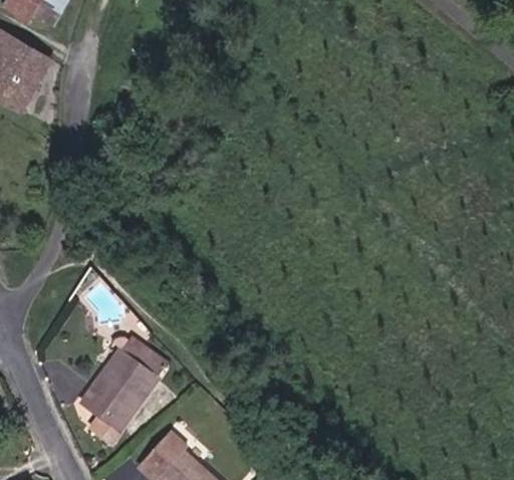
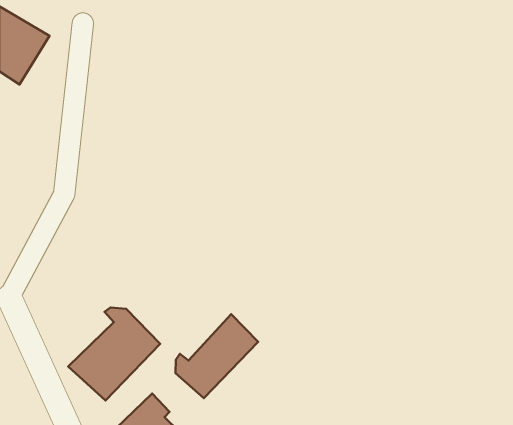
building: none -> [176,314,258,398]

